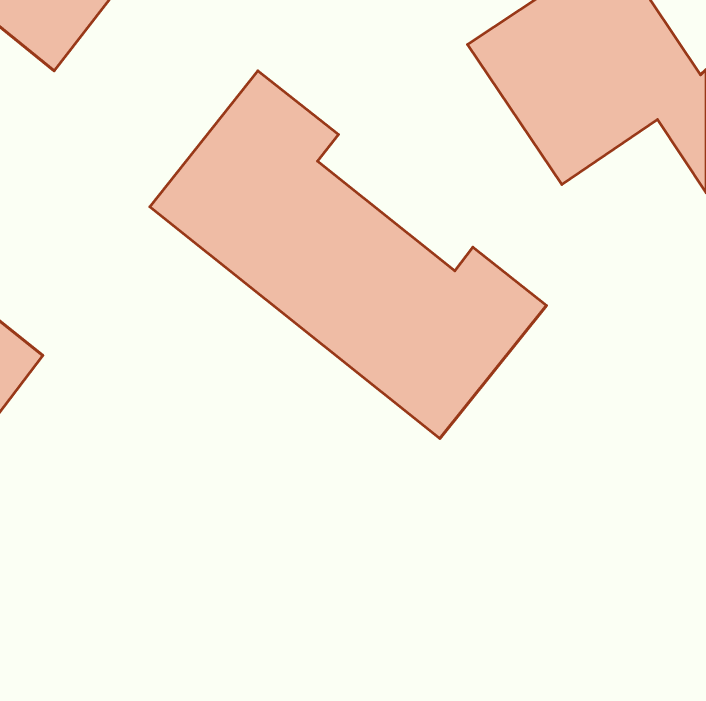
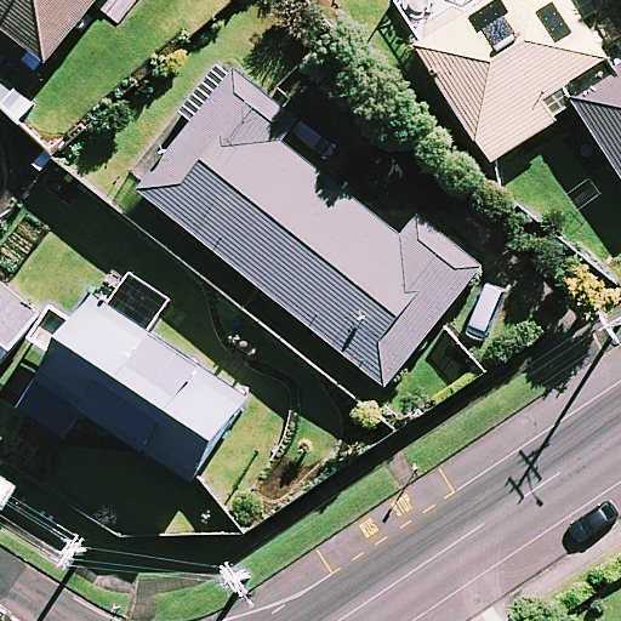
building: none -> [17,272,244,482]

